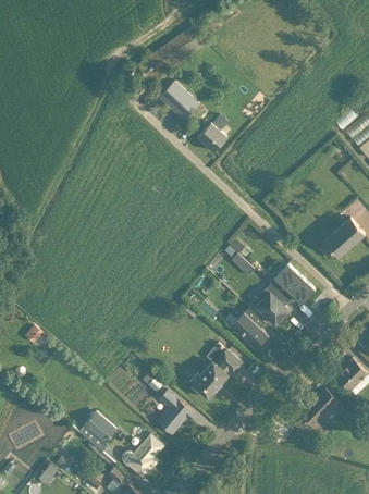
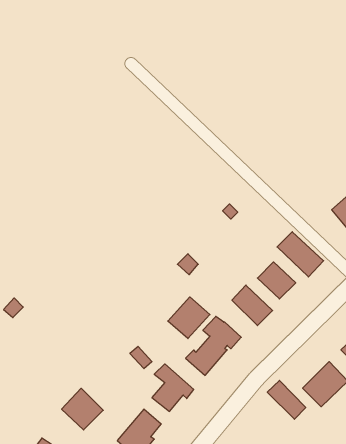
building: [151,78,193,120] -> none
building: [197,123,229,155] -> none
building: none -> [168,297,210,339]
building: none -> [267,380,306,419]

